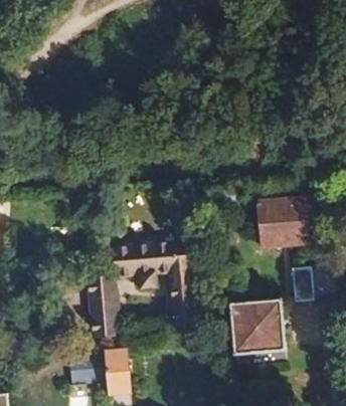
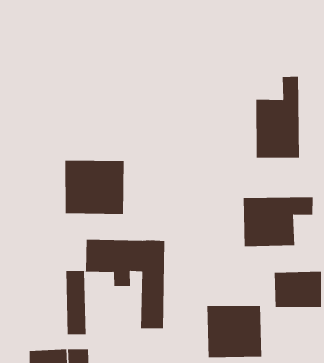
building: none -> [256,76,300,159]
building: none -> [65,160,124,215]

